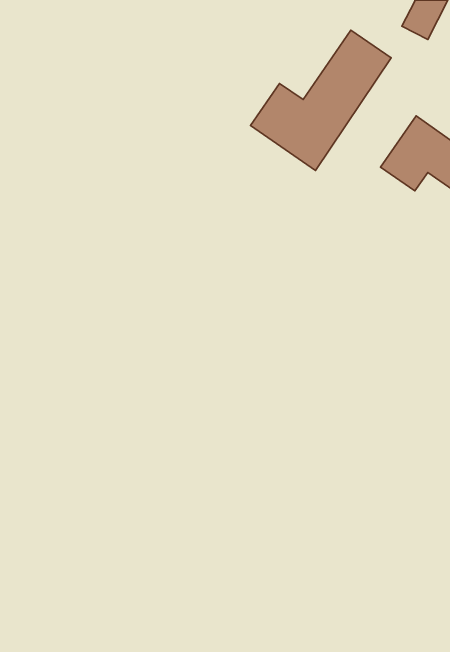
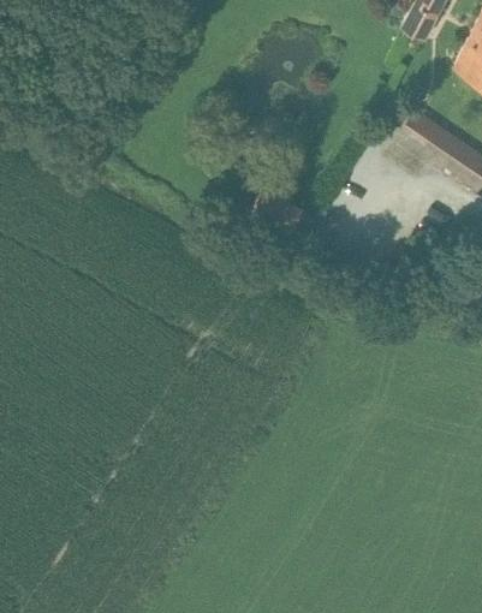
building: [250,30,391,170] -> none

